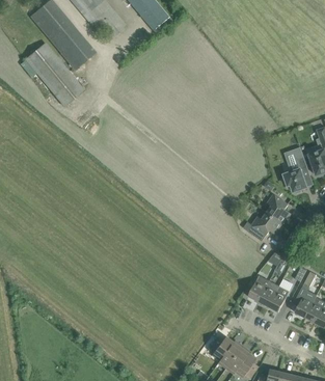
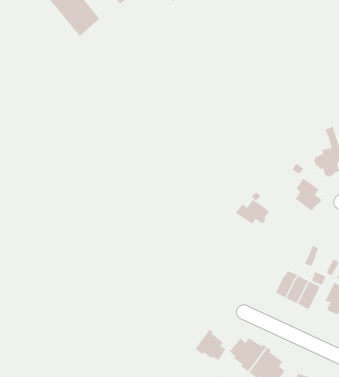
building: [20,43,83,105] -> none
building: [250,212,281,235] -> [235,199,270,224]
building: none -> [195,329,226,361]

